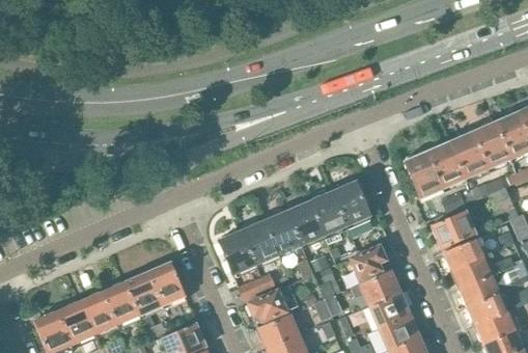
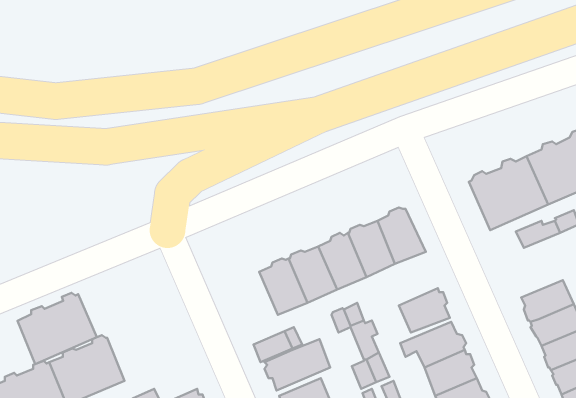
building: [430,209,476,248] -> none
building: [218,232,256,275] -> none
building: [124,261,186,316] -> [18,293,97,364]

